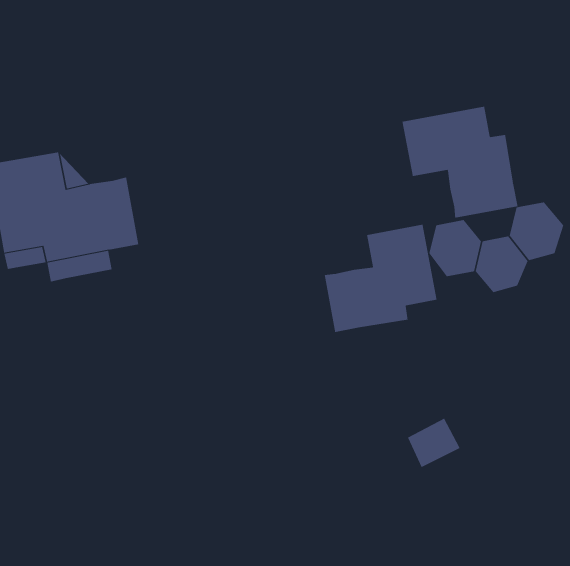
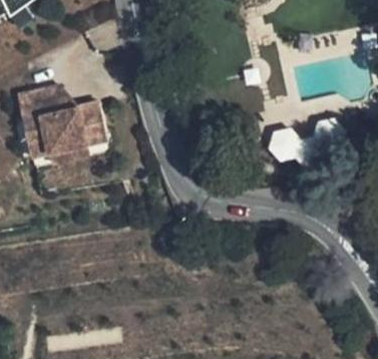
building: [402,106,518,218] -> none
building: [324,224,437,333] -> none

